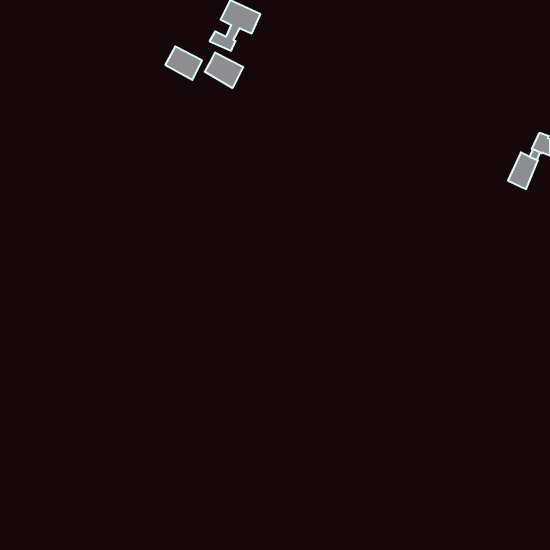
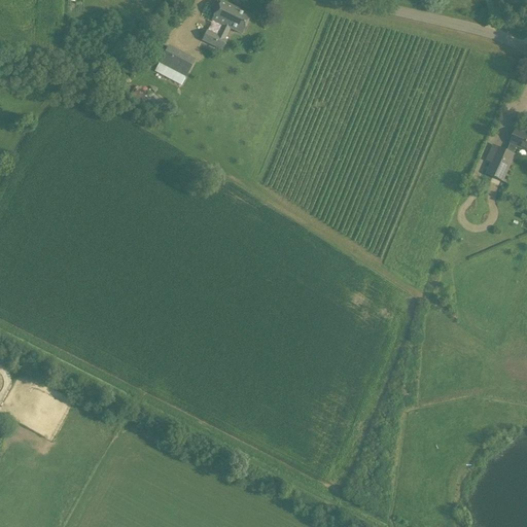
building: [205,52,243,88] -> none

